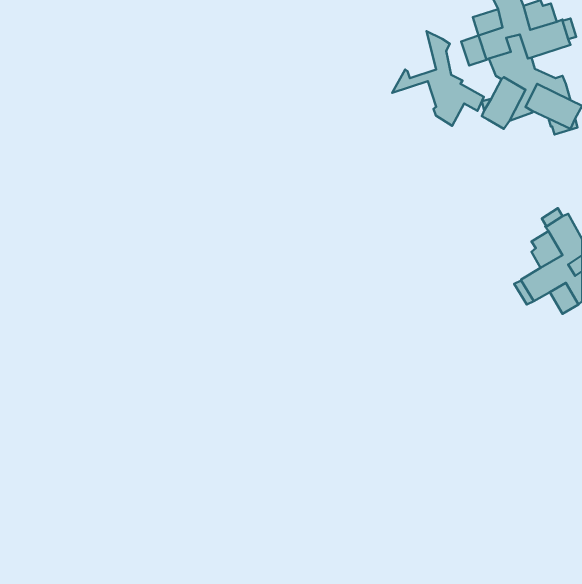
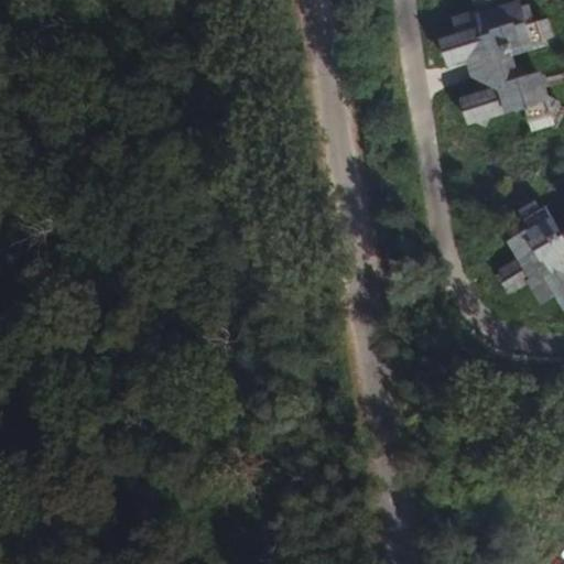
building: [392,31,484,126] -> none

